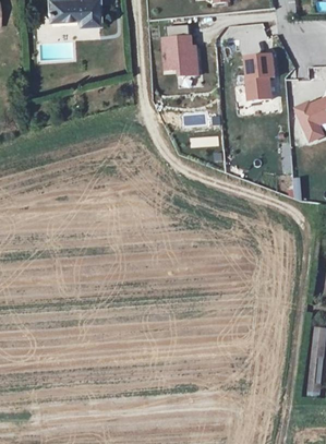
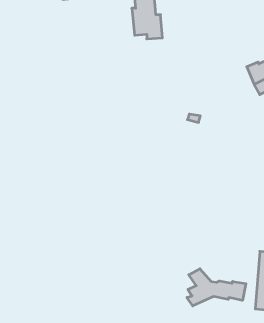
building: [246,56,276,101] -> none
building: none -> [187,269,246,306]

